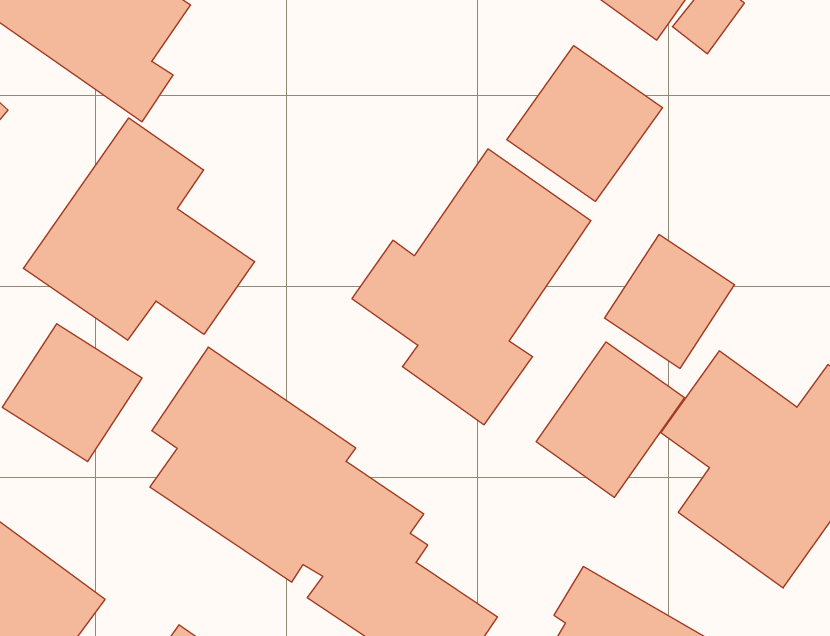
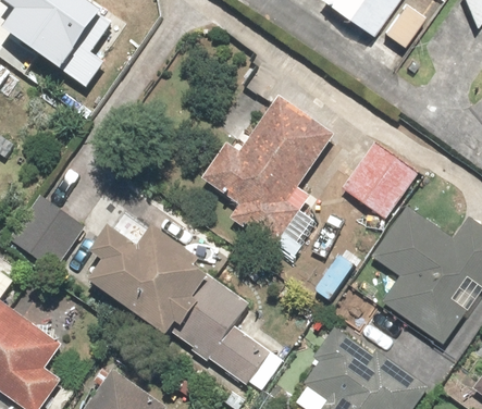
building: [507,46,662,201] -> none
building: [23,118,255,340] -> none
building: [536,342,684,497] -> none

